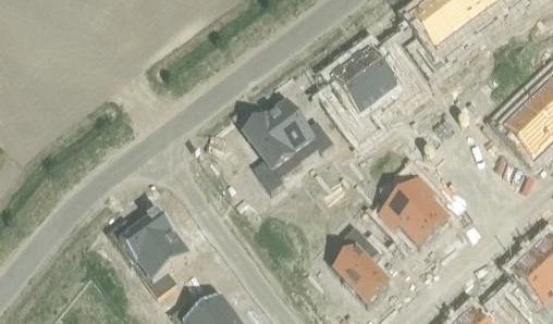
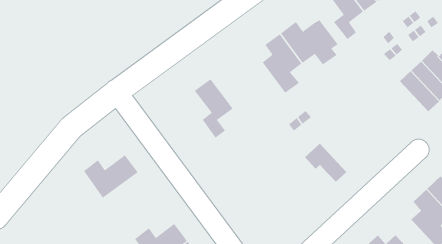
building: [265,99,333,151] -> none
building: [400,175,447,229] -> none
building: [335,227,389,299] -> none
building: [131,229,191,295] -> none

